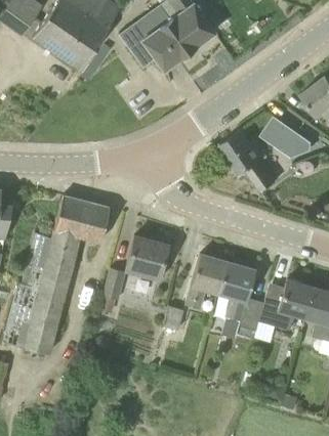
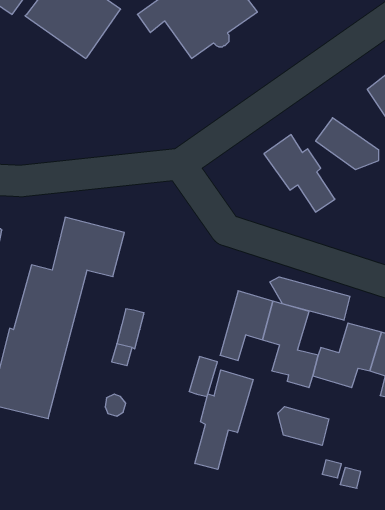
building: [126,235,168,276] -> none
building: none -> [270,277,350,320]
building: none -> [195,370,253,469]
building: none -> [278,407,329,445]

